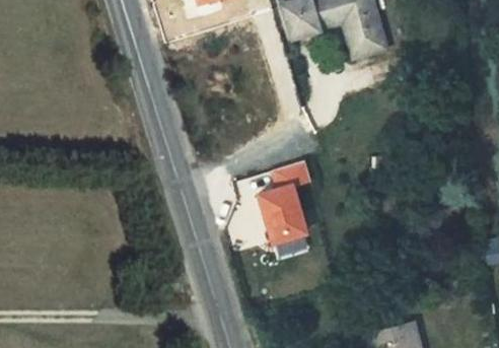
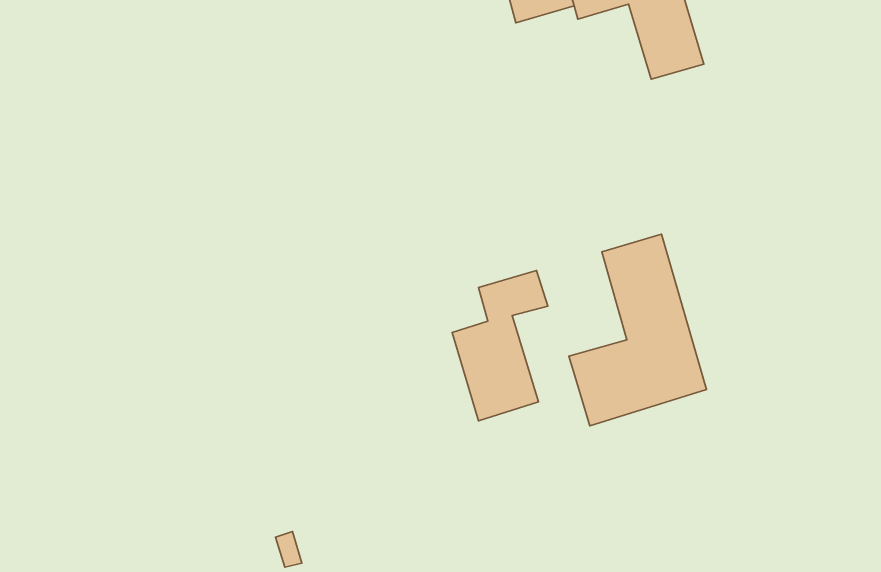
building: none -> [569,234,706,426]

